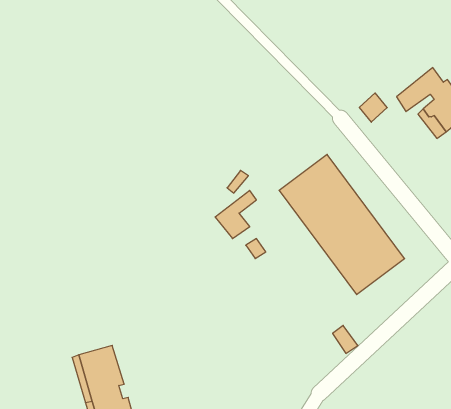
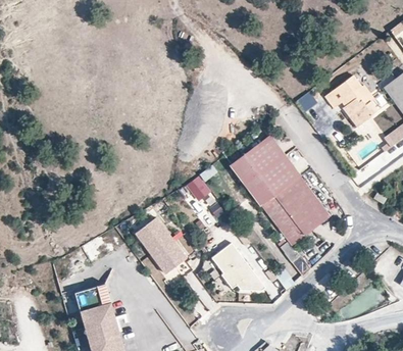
building: none -> [136,220,186,275]
building: none -> [211,244,264,294]

